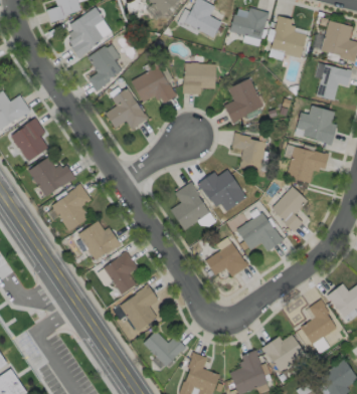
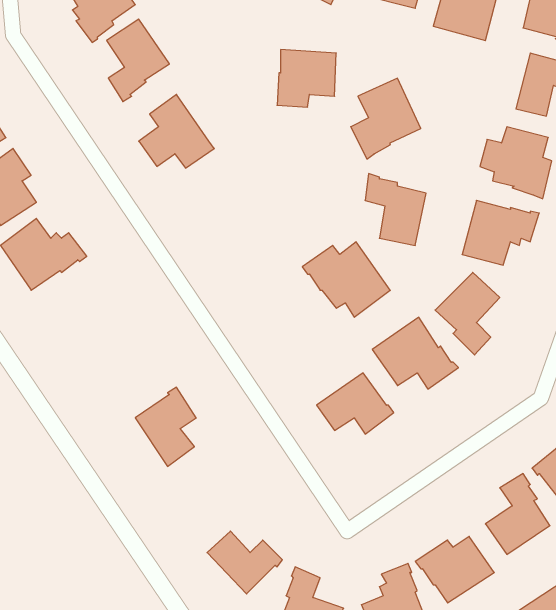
building: [131,66,178,104] -> none
building: [170,182,210,230] -> none
building: [51,184,92,231] -> none
building: [78,221,122,261] -> none
building: [121,284,159,332] -> none

